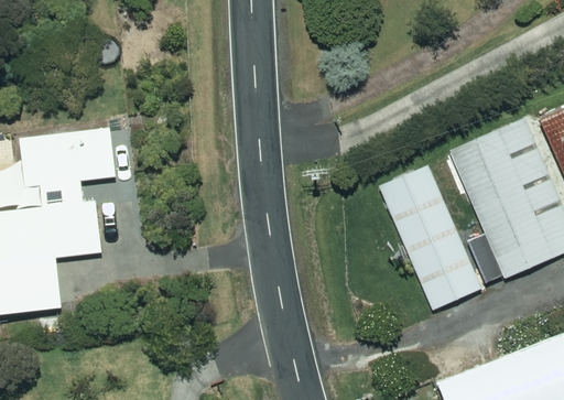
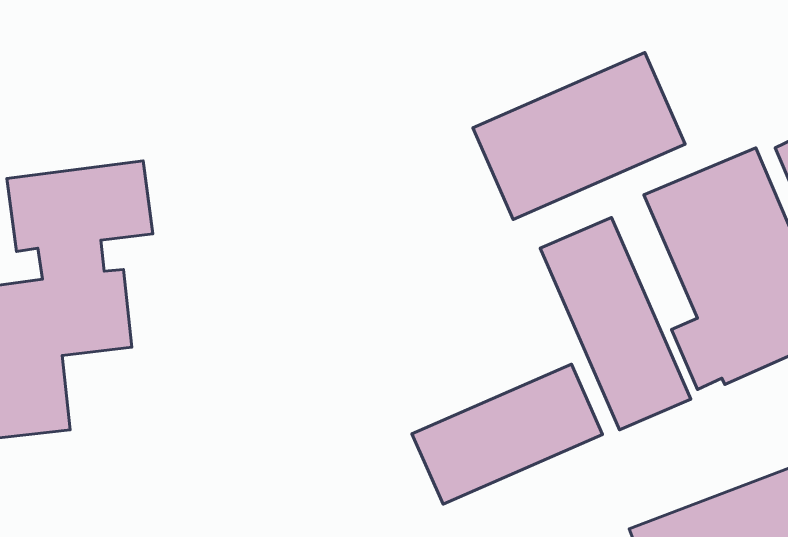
building: none -> [473,53,685,219]
building: none -> [412,364,603,504]

